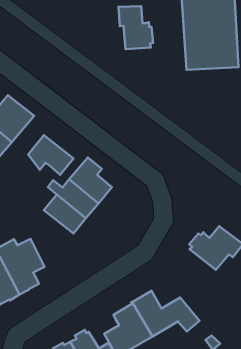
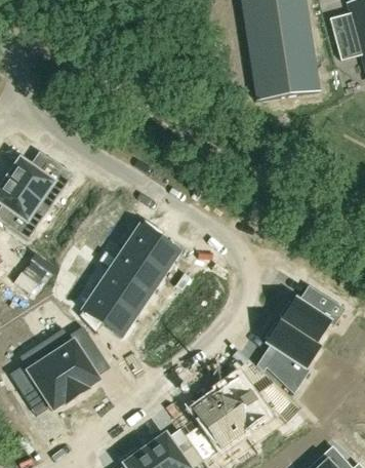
building: [119,6,153,49] -> none
building: [28,135,73,175] -> [79,288,135,336]
building: none -> [265,320,319,393]

